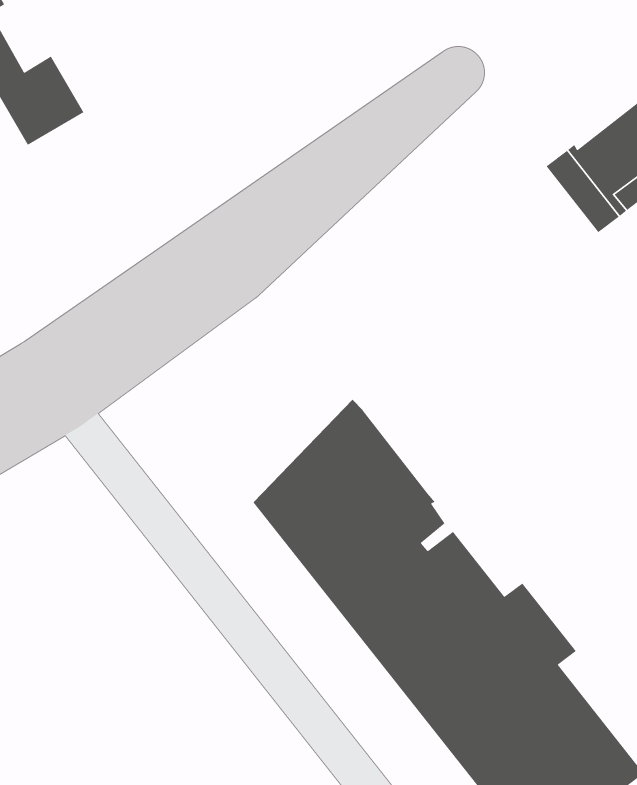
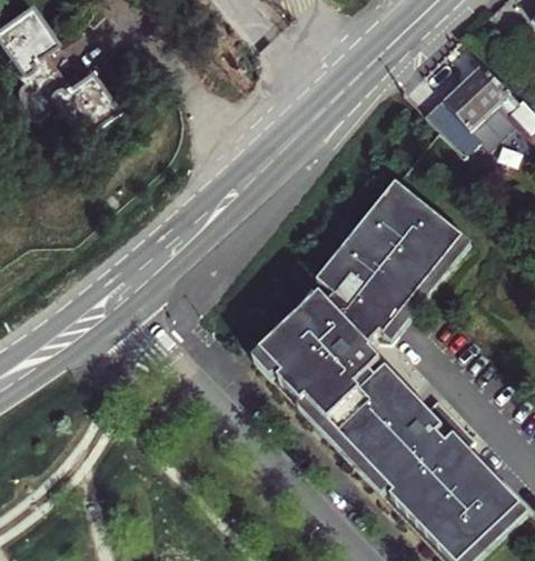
building: none -> [317,180,468,339]

